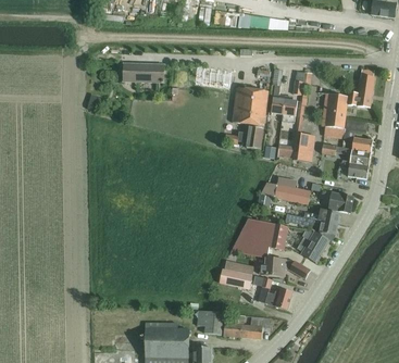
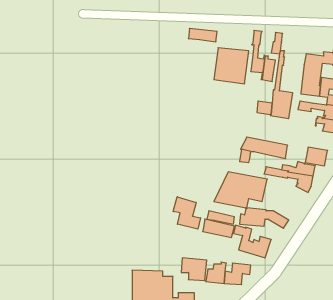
building: [123,63,164,82] -> none
building: [224,126,263,148] -> none
building: [301,231,329,262] -> none
building: none -> [173,197,200,229]

